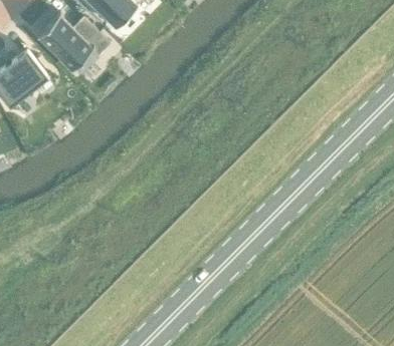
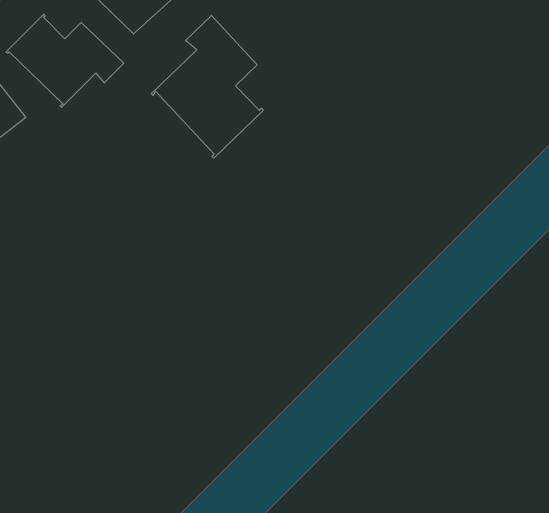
building: none -> [151,15,263,158]

